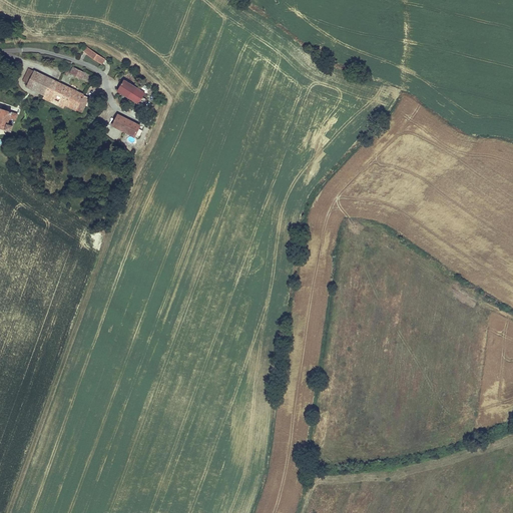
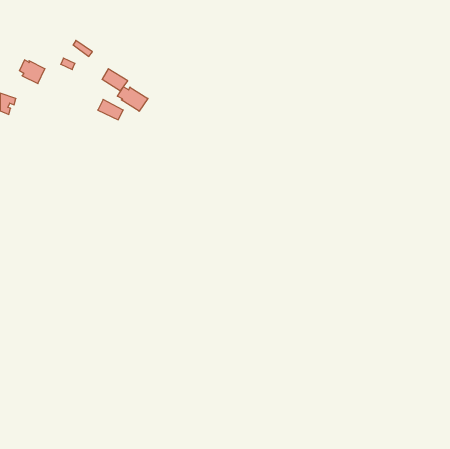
building: [43,79,88,113] -> none
building: none -> [117,87,148,111]

